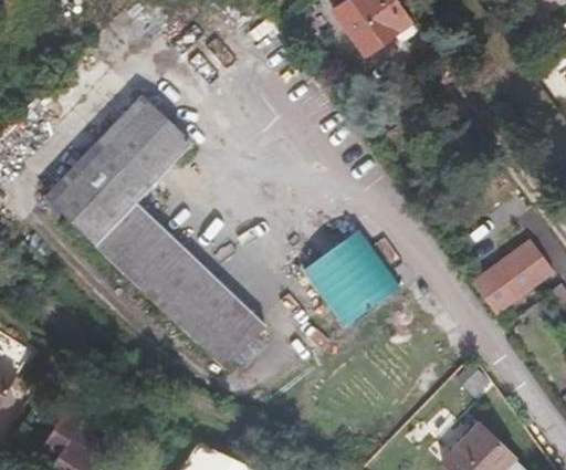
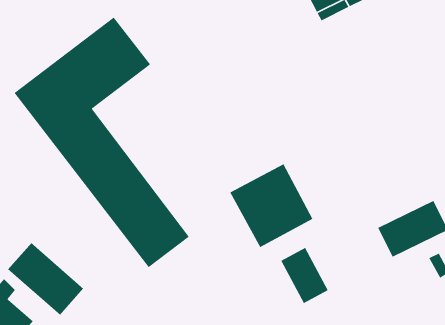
building: none -> [280,247,329,304]
building: none -> [7,242,84,316]

